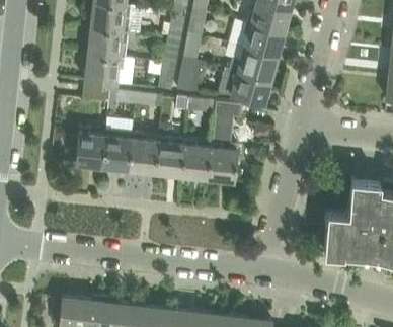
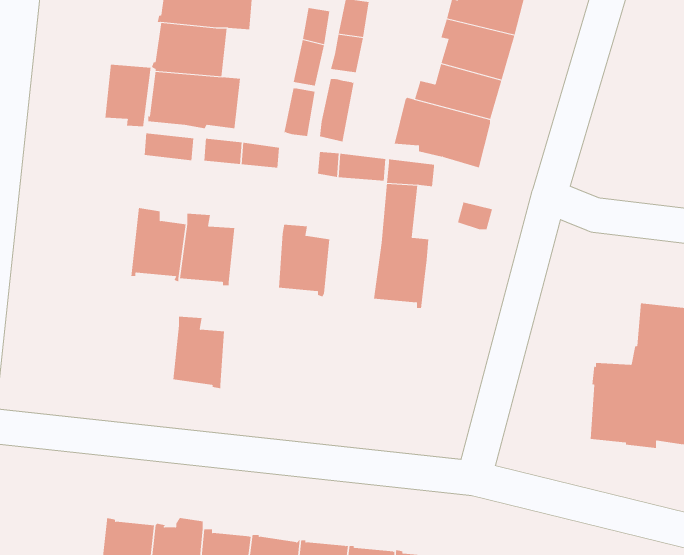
building: none -> [105,64,151,127]
building: [129,134,157,173] -> [173,316,225,389]
building: [180,139,211,179] -> none

